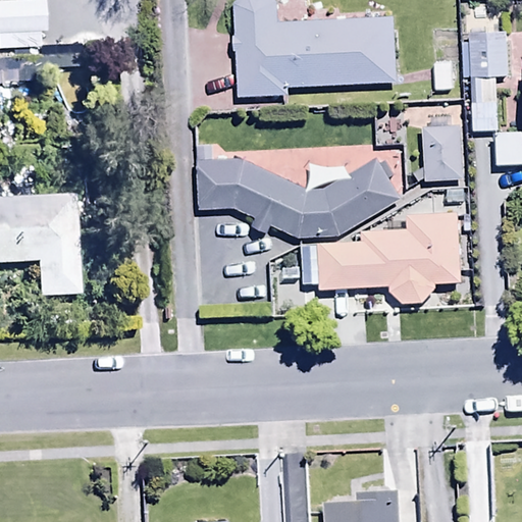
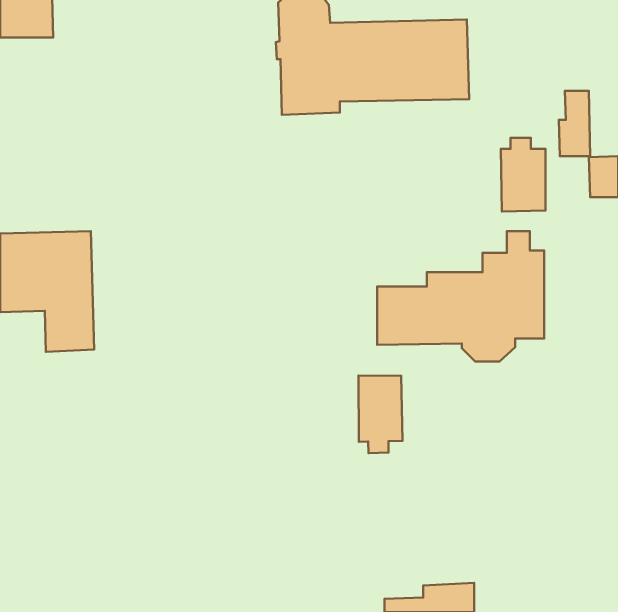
building: [462,32,506,76] -> none
building: [198,158,400,237] -> none
building: none -> [358,376,403,453]

